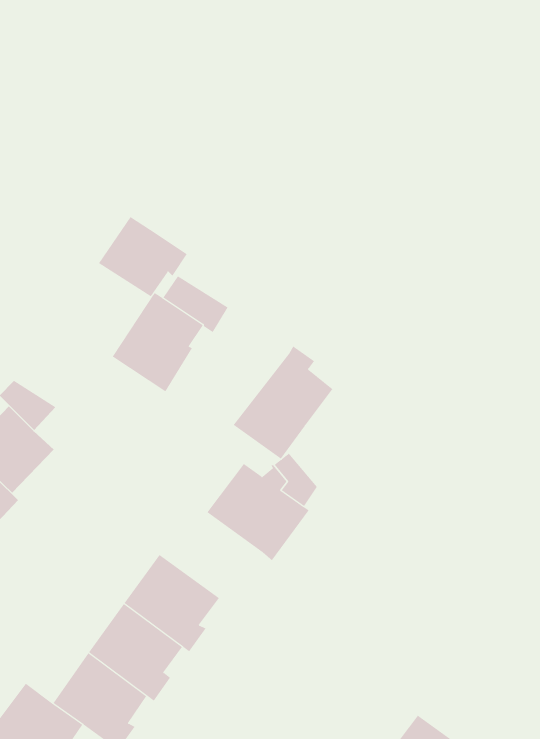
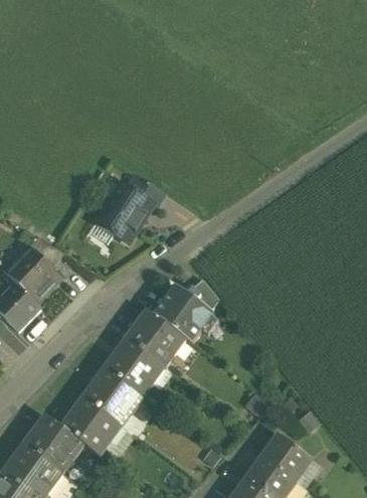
building: [98,216,188,297] -> none
building: [233,345,333,459] -> none
building: none -> [124,310,185,367]

